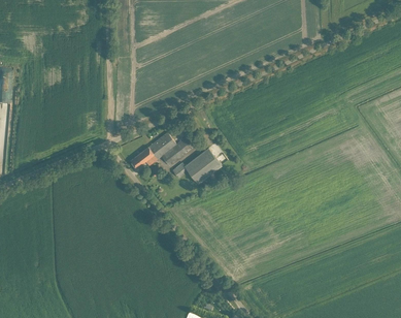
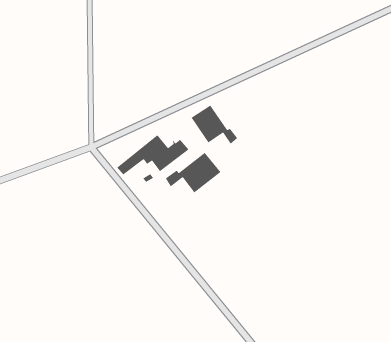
building: none -> [190,105,238,145]

